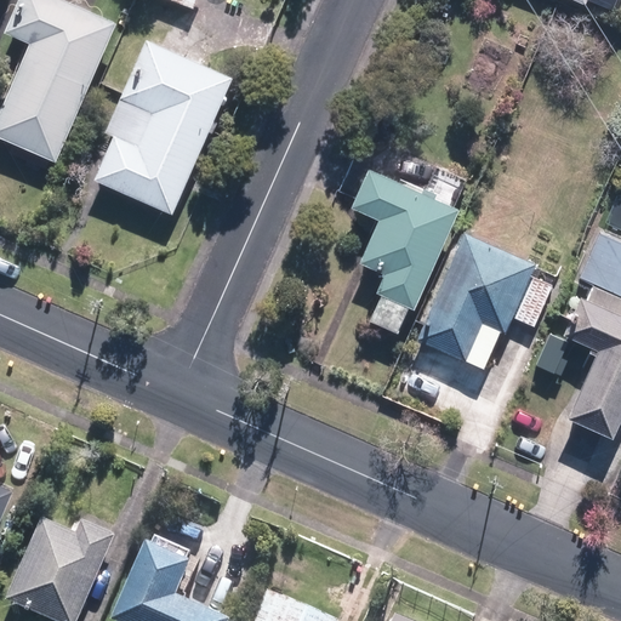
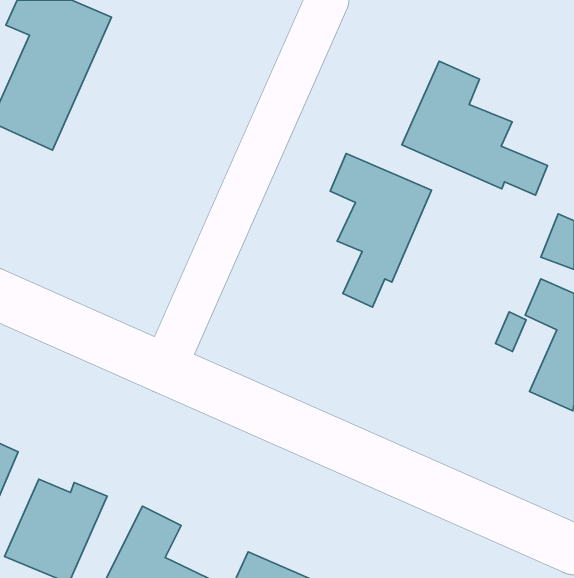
building: [95,36,235,215] -> none
building: none -> [402,61,548,195]
building: [414,237,545,374] -> none

